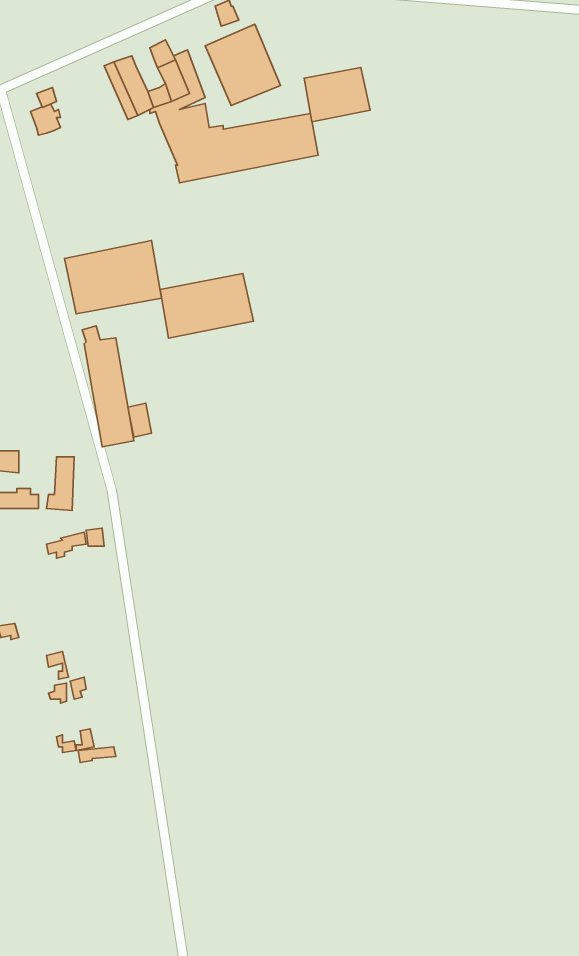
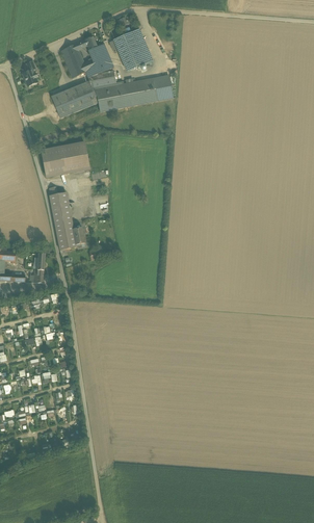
building: [304,67,370,122] -> none
building: none -> [51,80,98,117]
building: [160,274,254,338] -> none

